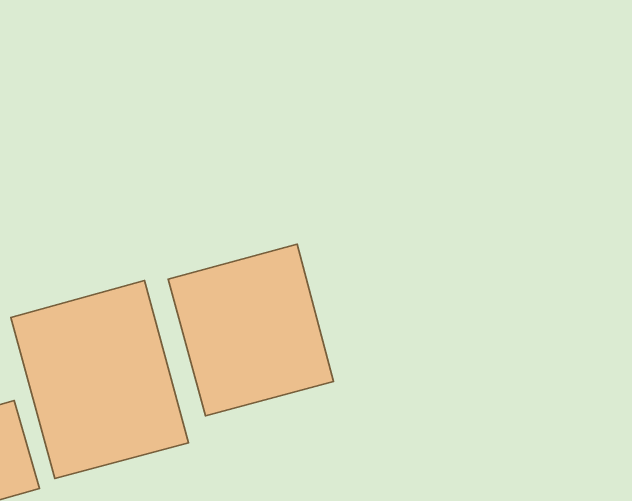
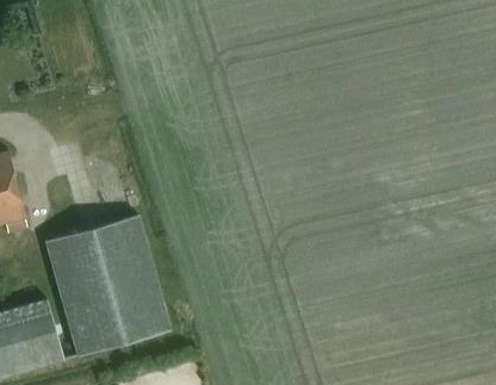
building: [168,244,333,416] -> none

